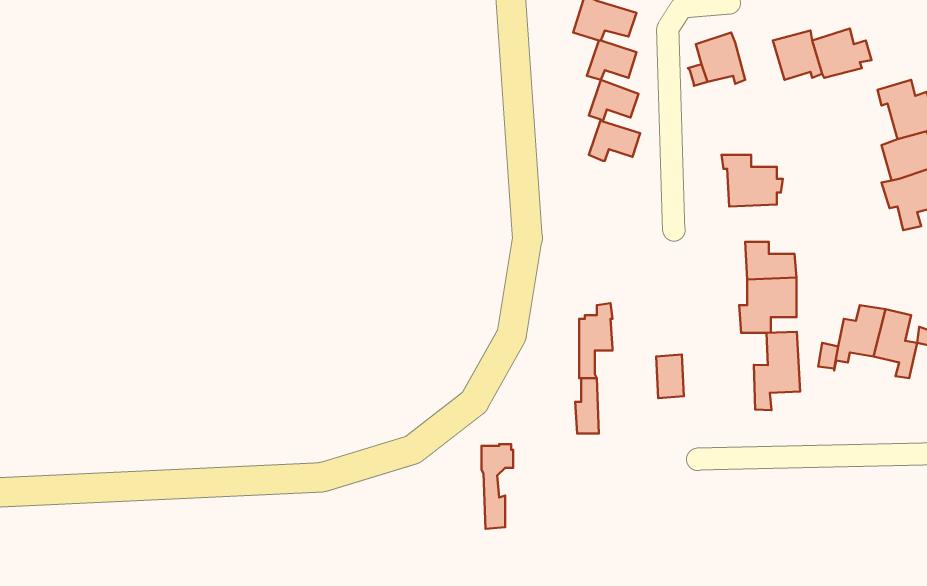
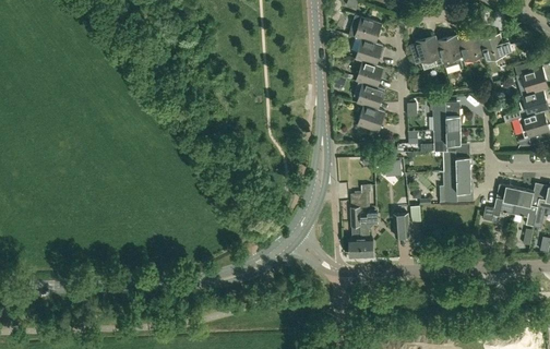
building: none -> [438,35,467,71]
building: none -> [358,107,386,131]
building: none -> [421,131,462,153]
building: [754,332,800,410] -> none
building: [481,444,513,529] -> [360,210,378,257]

